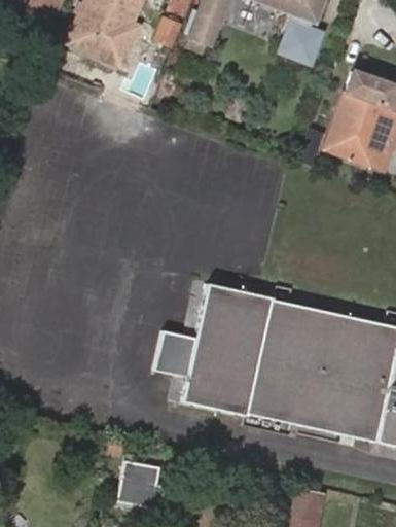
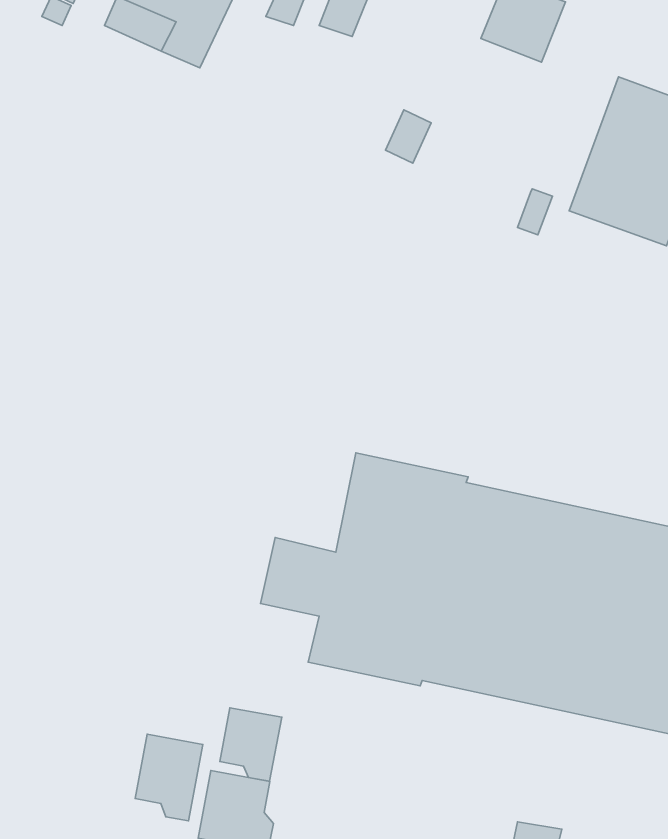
building: none -> [220,708,282,781]
building: none -> [135,734,203,821]

